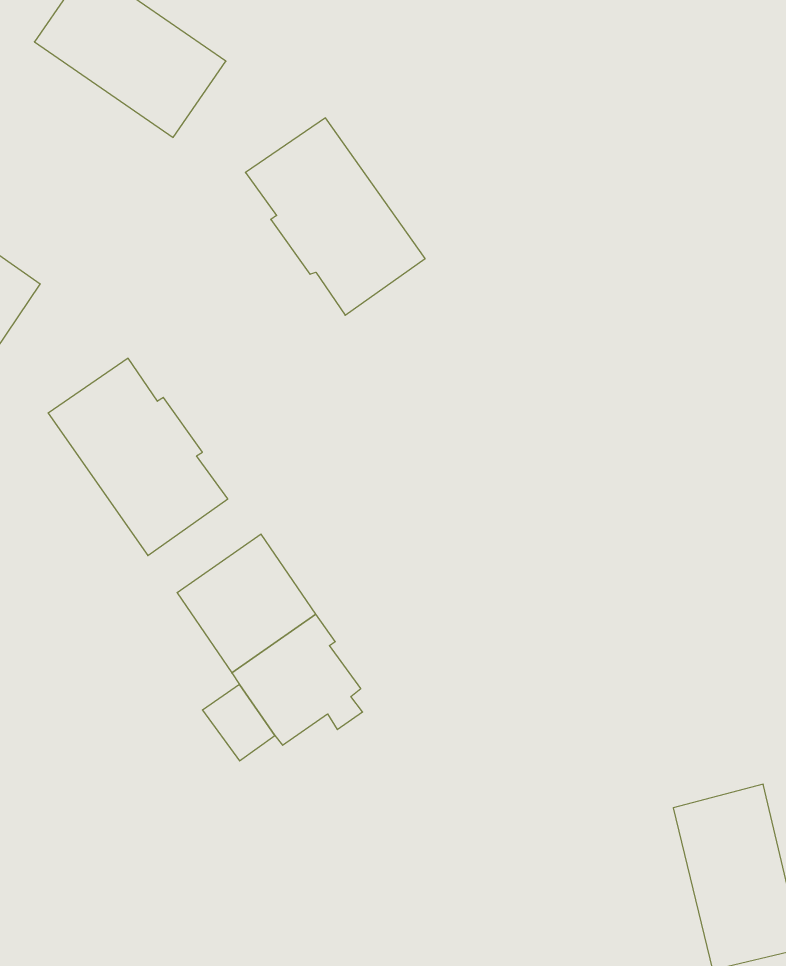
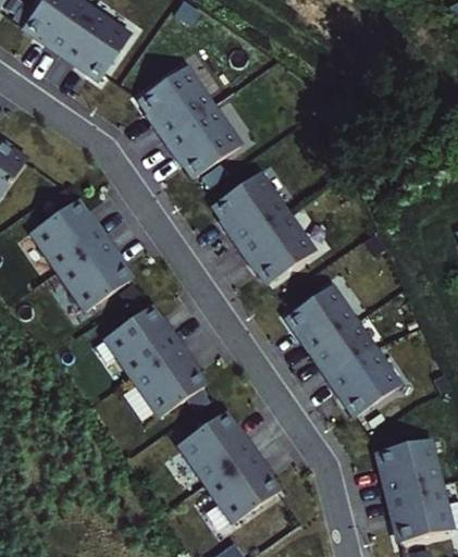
building: none -> [213,173,313,283]
building: none -> [286,286,398,414]
building: none -> [178,412,277,522]

